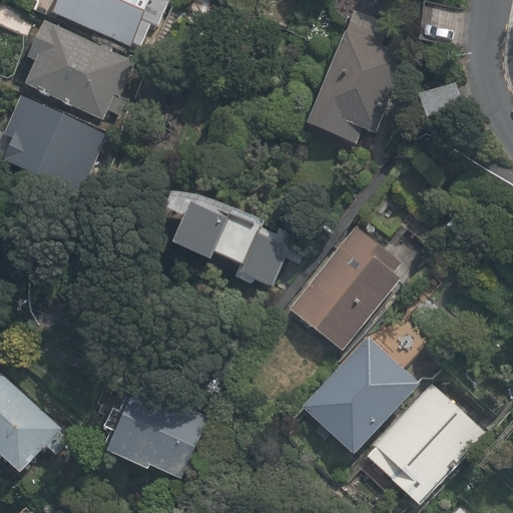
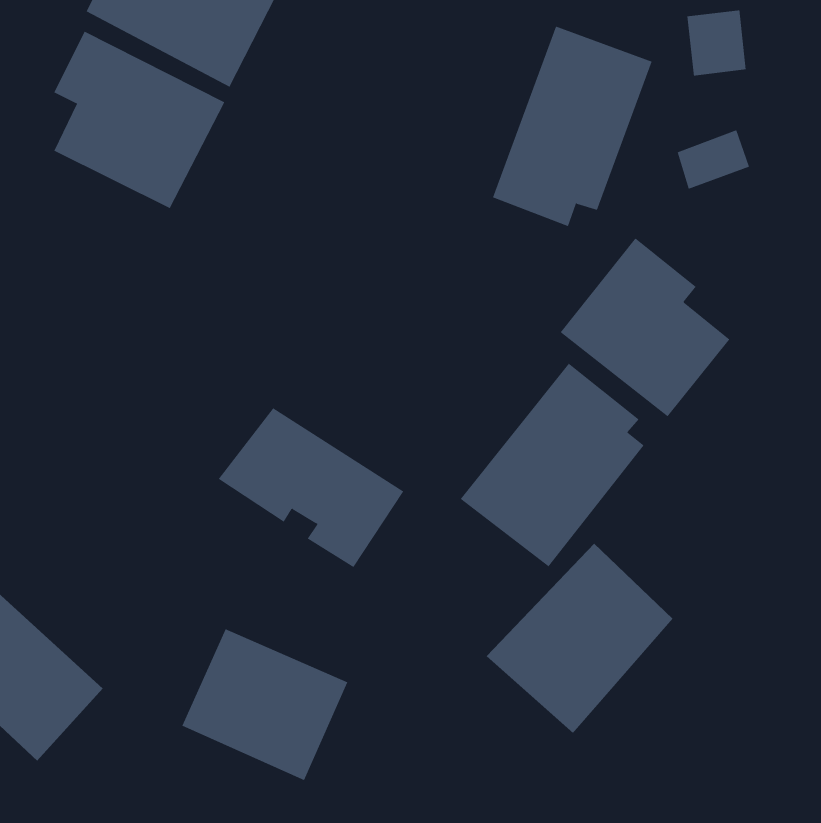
building: [7,100,102,197] -> none
building: none -> [560,238,730,417]
building: [180,199,296,299] -> [218,407,404,568]
building: [365,384,483,503] -> none

